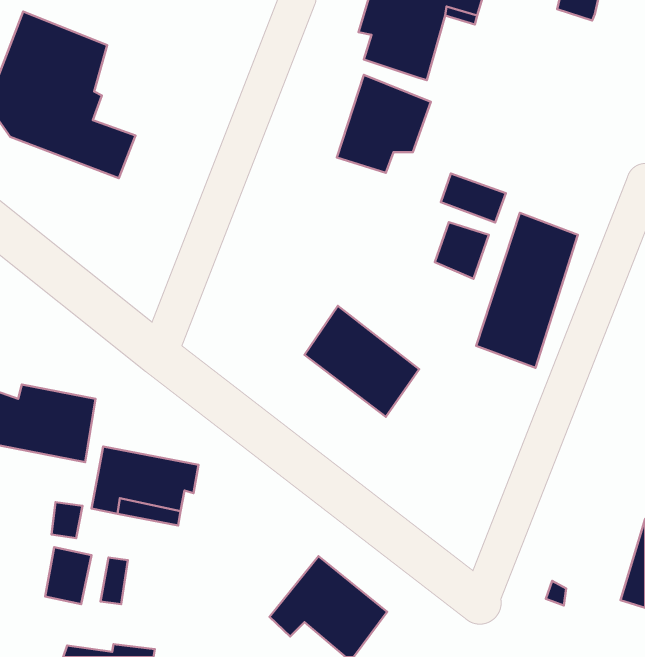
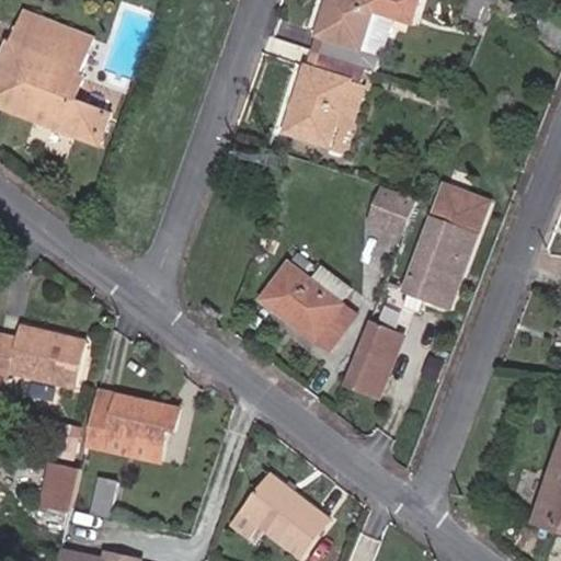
building: [441,174,506,223] -> none
building: none -> [344,321,407,404]

